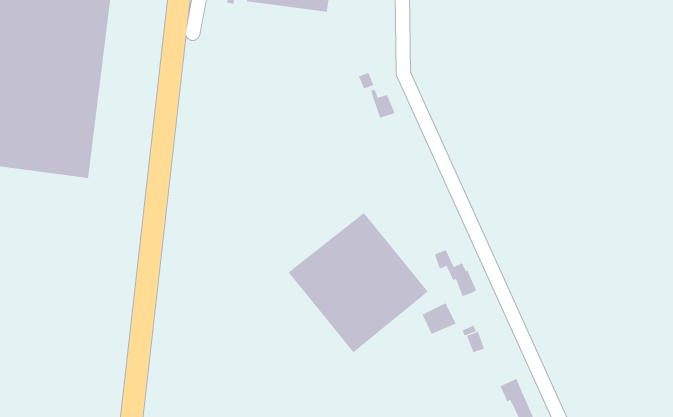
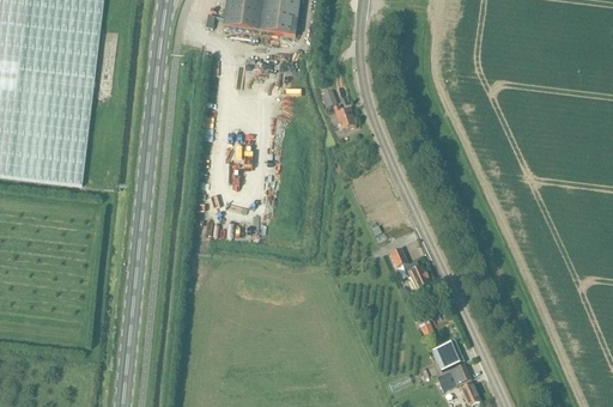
building: [288,212,429,353] -> none
building: [422,302,456,334] -> [432,340,463,369]

